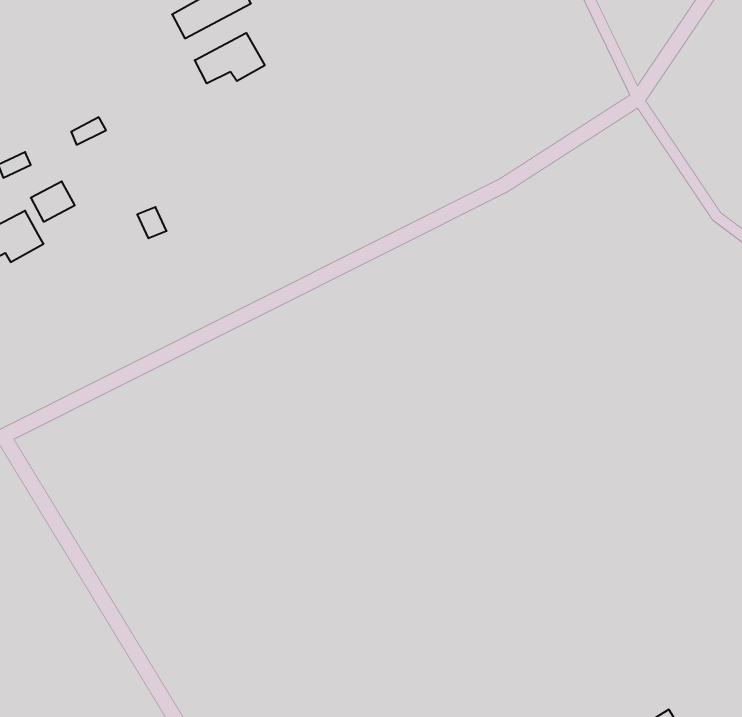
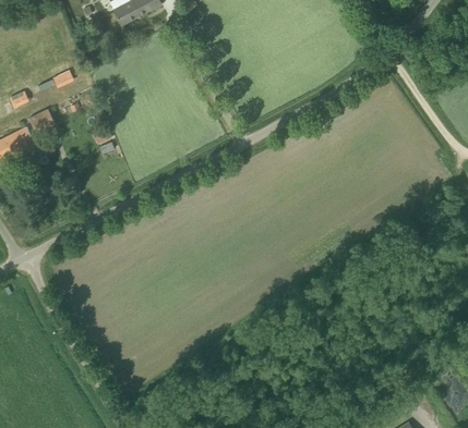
building: [195,33,265,83] -> none

